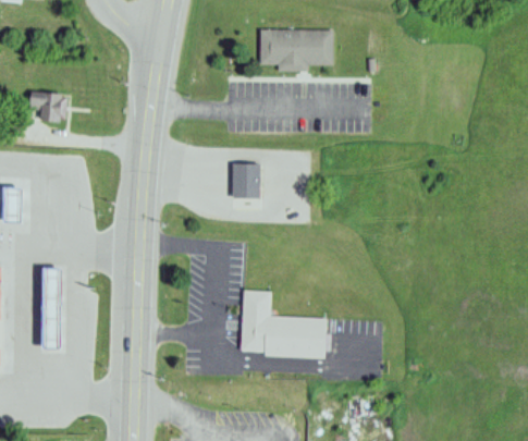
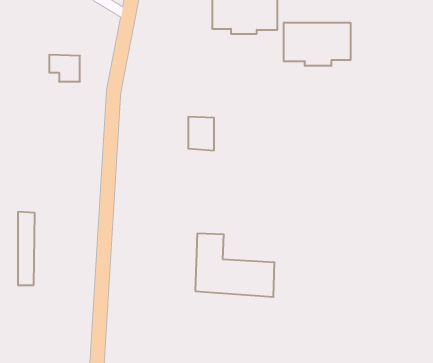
building: none -> [284,23,350,66]
building: [29,91,63,121] -> [49,55,80,82]

